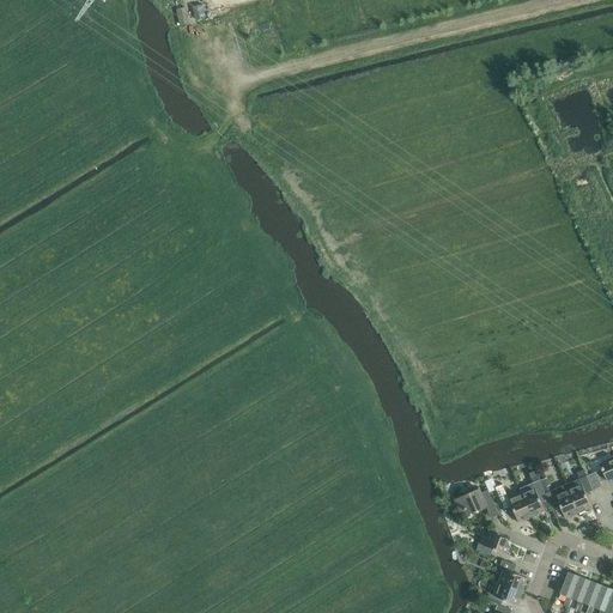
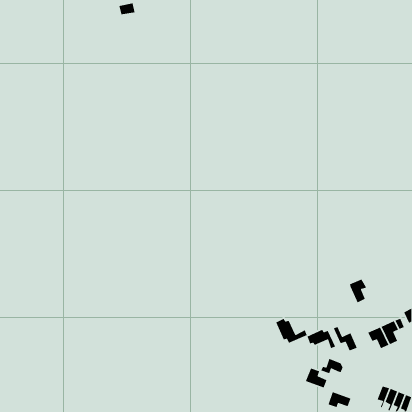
building: none -> [275,318,308,344]
building: [520,480,546,517] -> [349,278,367,303]
building: [493,560,527,591] -> [305,368,327,389]

